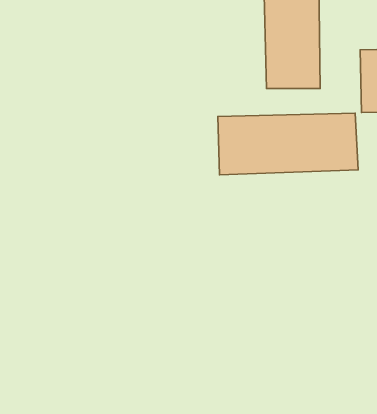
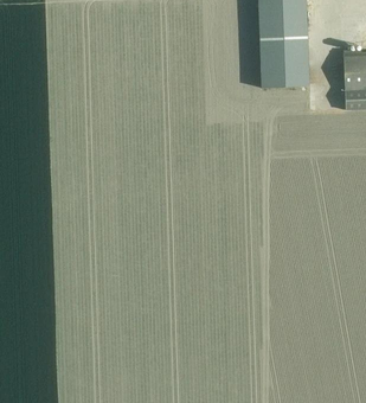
building: [218,113,358,175] -> none

